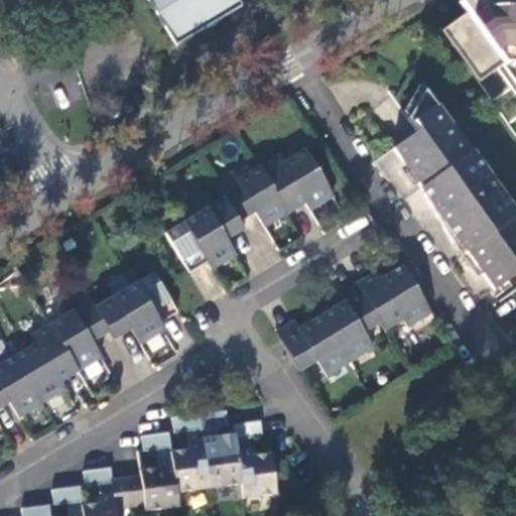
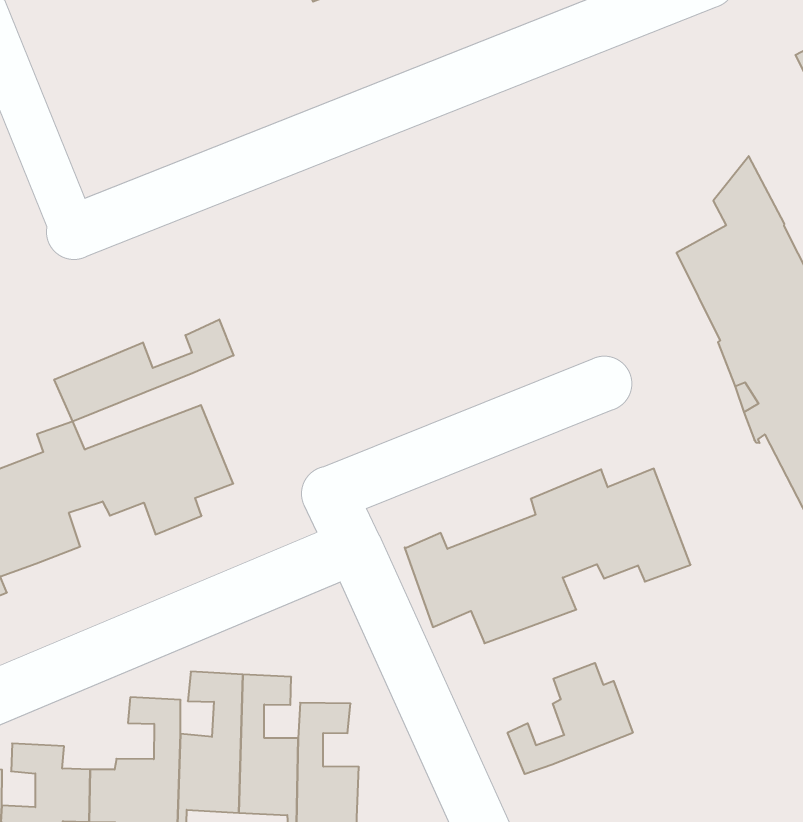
building: [166,150,333,272] -> none
building: none -> [54,319,234,421]
building: none -> [508,663,633,774]

